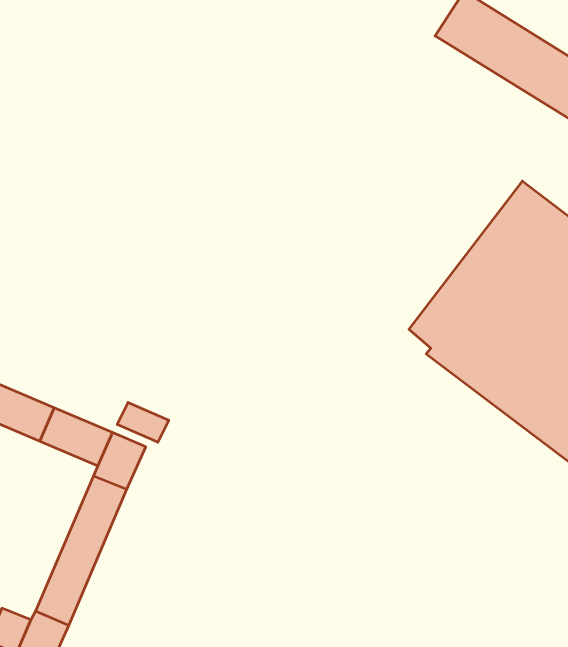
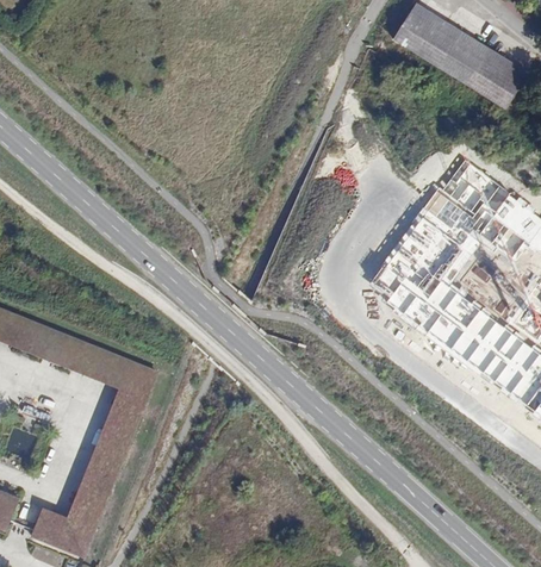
building: [117,402,169,442] -> none

